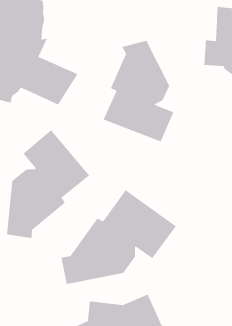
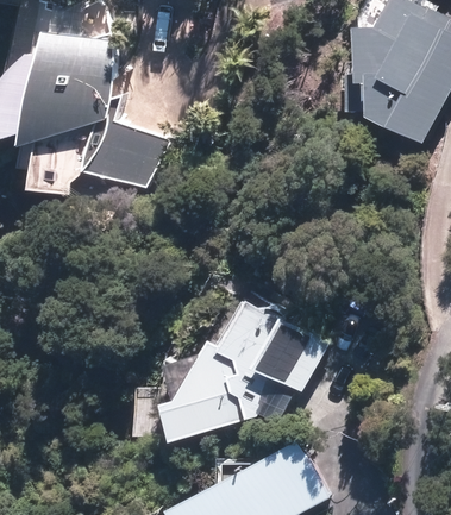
building: [102,40,175,143] -> none
building: [6,129,90,239] -> none

